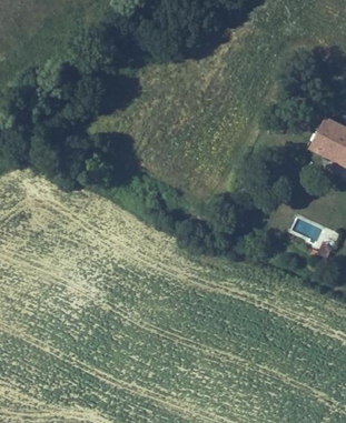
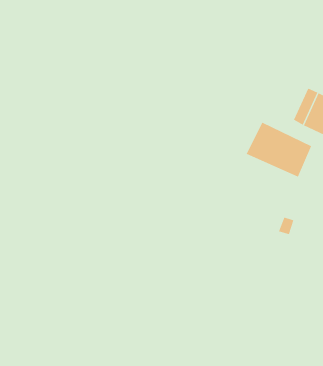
building: none -> [246,122,312,178]

